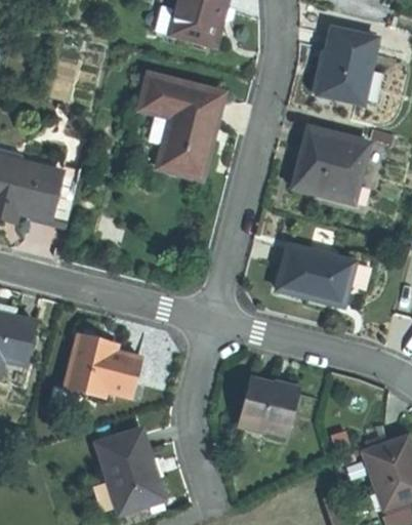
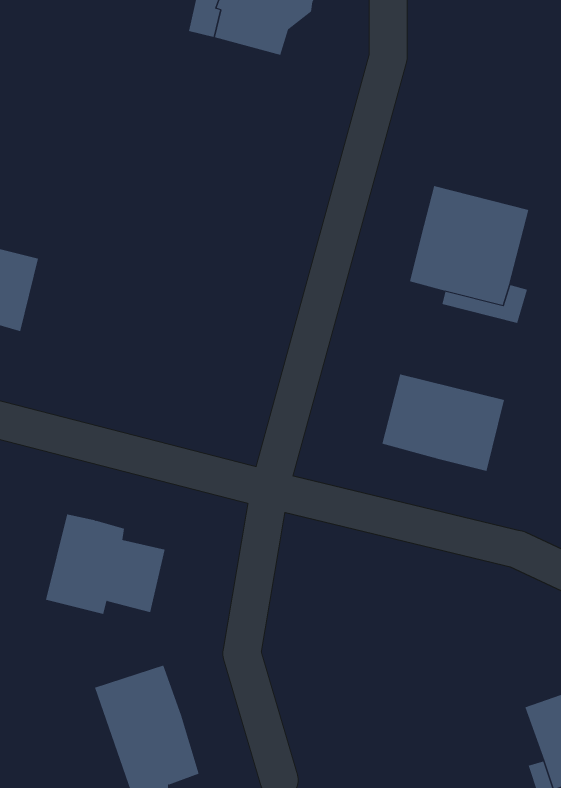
building: [318,27,378,103] -> none
building: [139,75,222,177] -> none
building: [239,379,301,436] -> none

